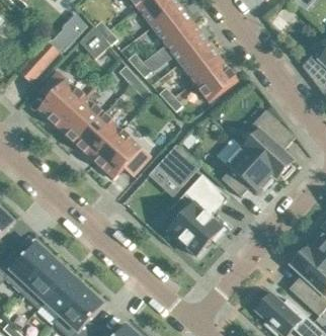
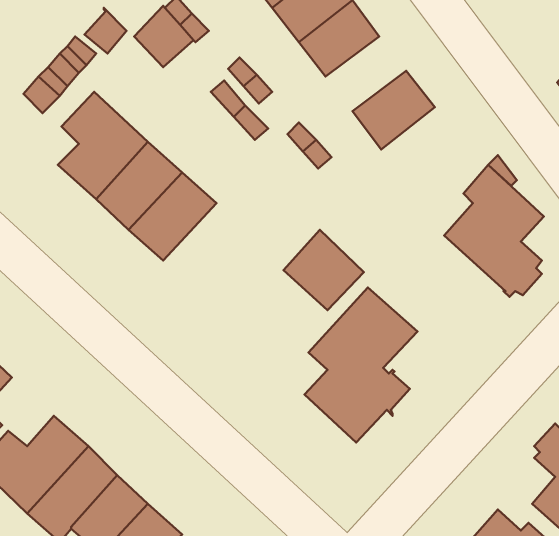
building: [179,41,222,81] -> none
building: [93,130,150,178] -> none
building: [221,147,274,196] -> none

